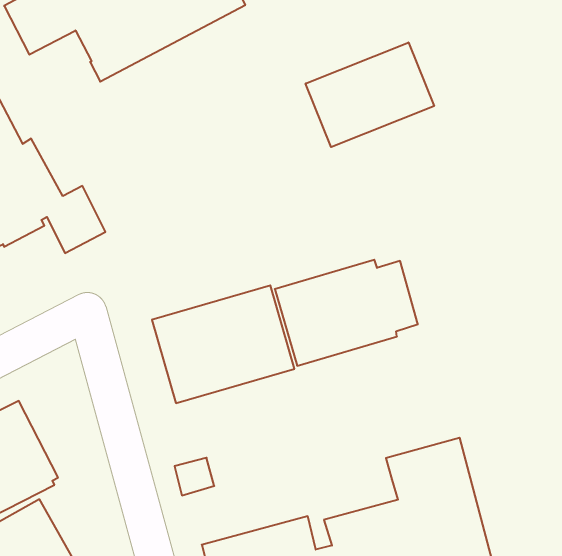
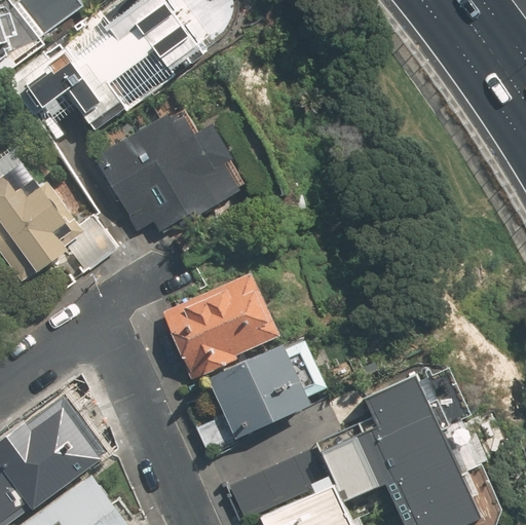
building: [306,42,434,147] -> none
building: none -> [96,113,245,230]
building: [275,260,418,366] -> [208,343,326,439]

